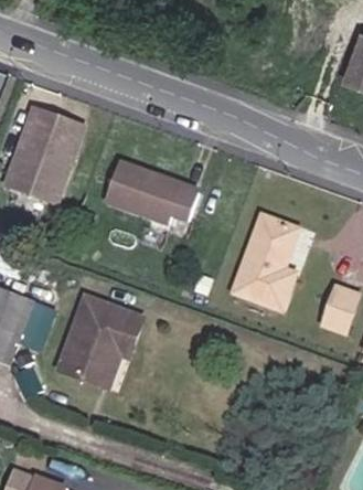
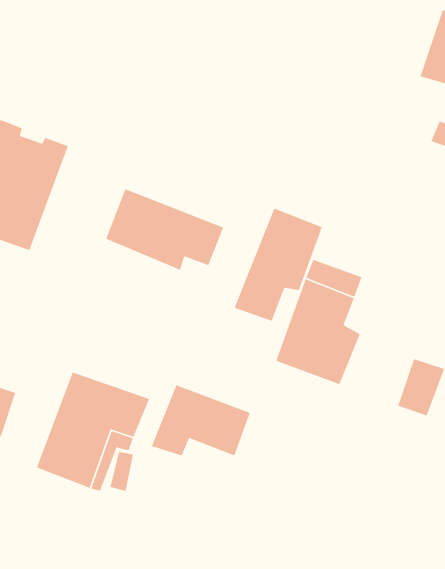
building: none -> [234,208,323,322]
building: none -> [151,384,251,457]

